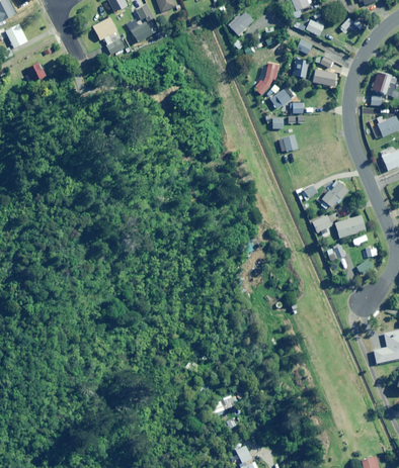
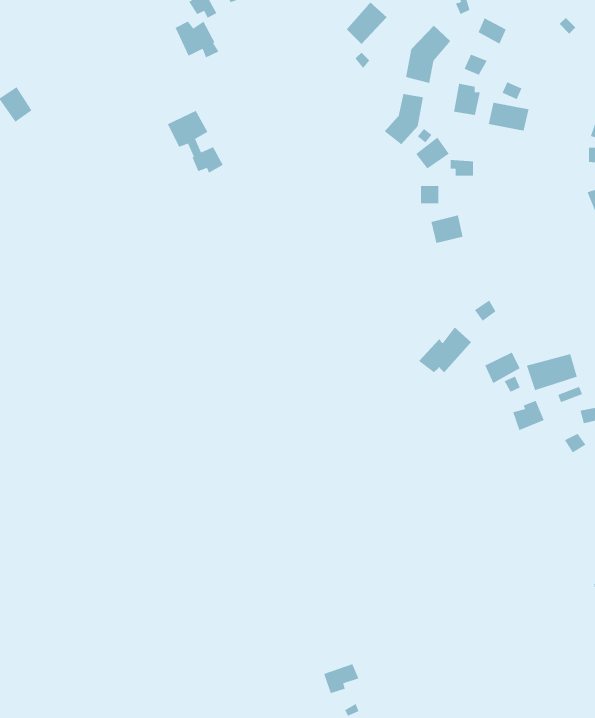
building: [92,17,126,55] -> [167,110,224,174]
building: none -> [405,25,451,84]
building: [317,181,348,208] -> [418,327,472,373]

